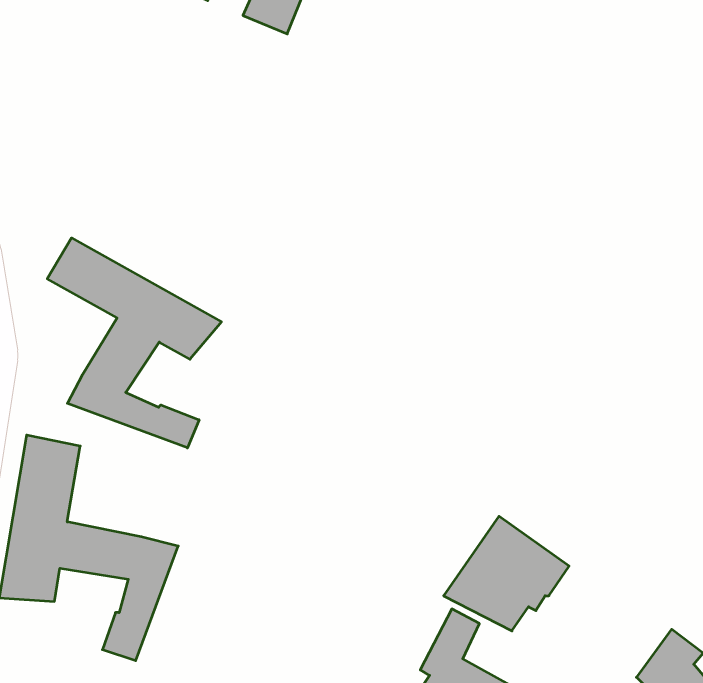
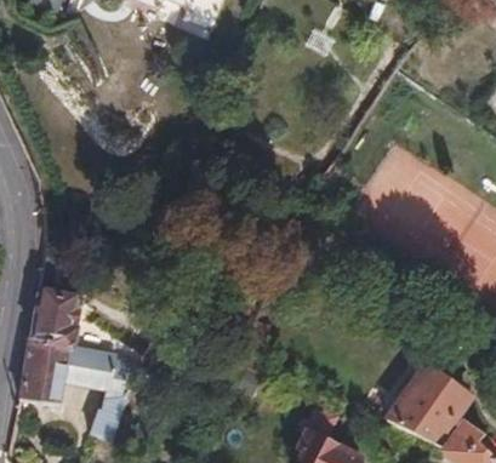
building: [47,238,221,448] -> none
building: [444,516,569,631] -> [387,366,469,441]

